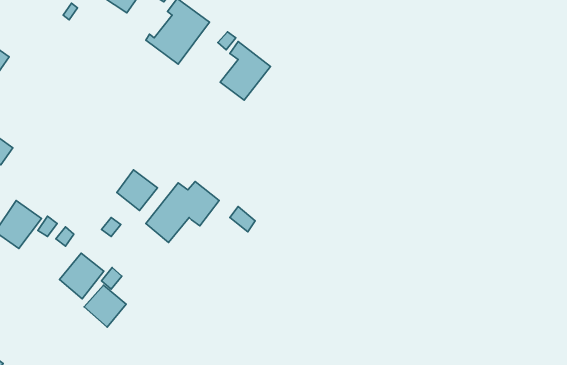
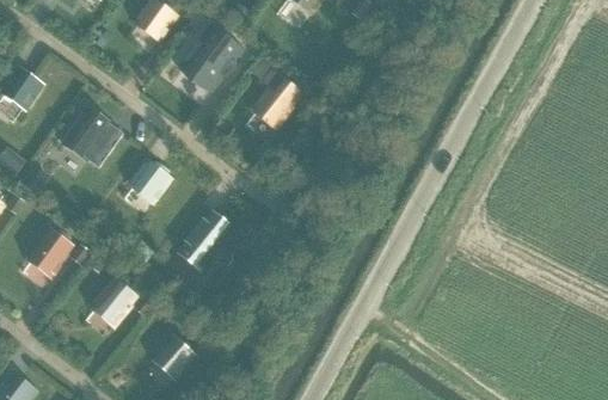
building: none -> [59,104,122,168]
building: [117,170,158,210] -> [130,161,171,202]
building: [84,285,126,327] -> [153,337,195,379]

